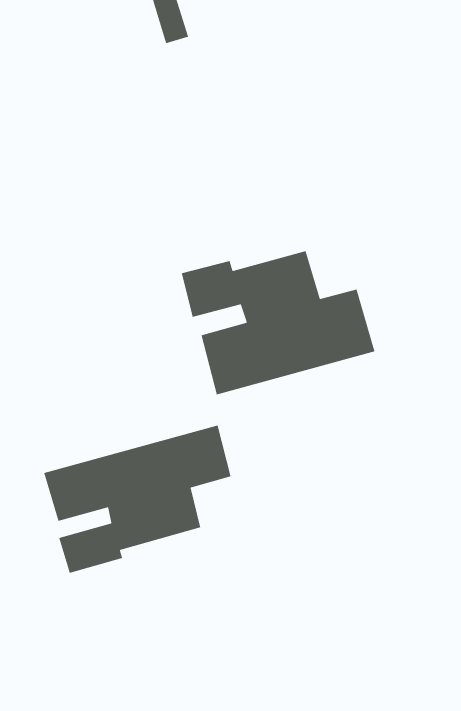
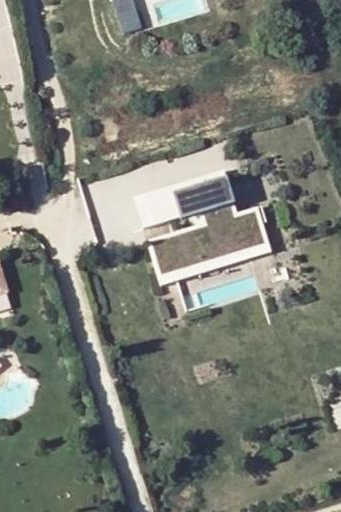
building: [43,424,232,574] -> none

